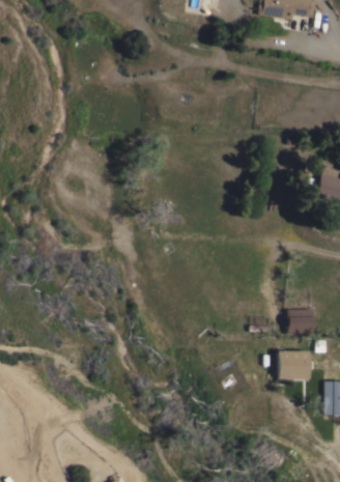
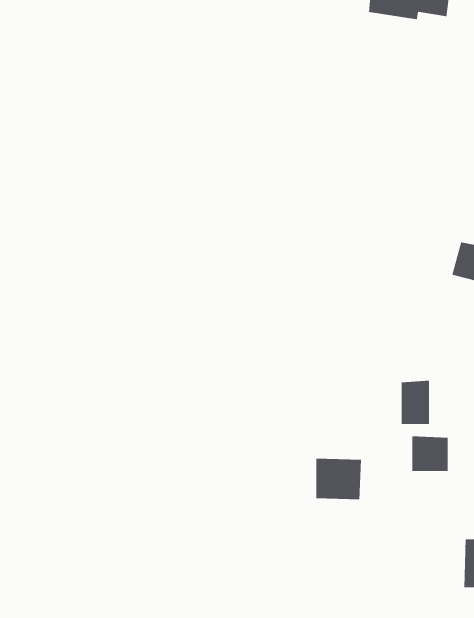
building: none -> [401,380,429,425]
building: [278,350,310,379] -> [316,458,362,500]

